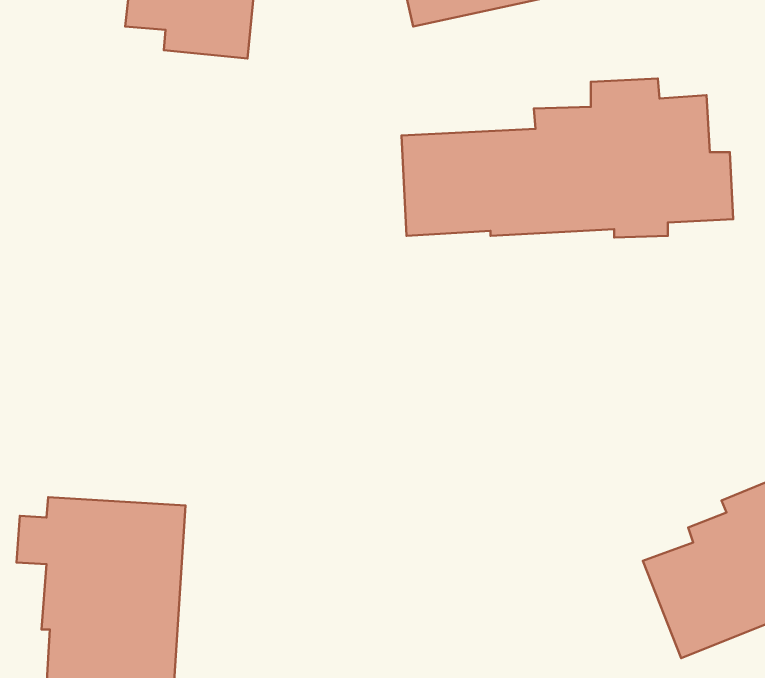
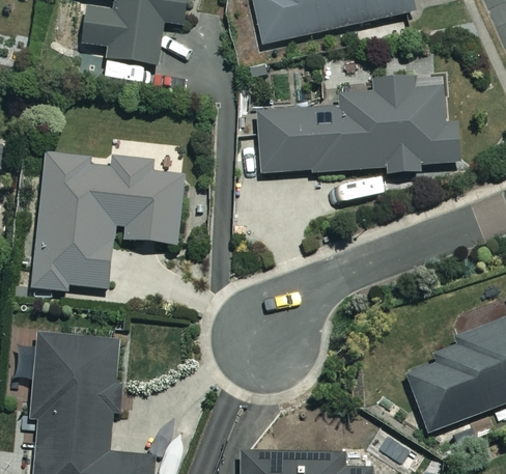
building: none -> [32,150,185,290]

